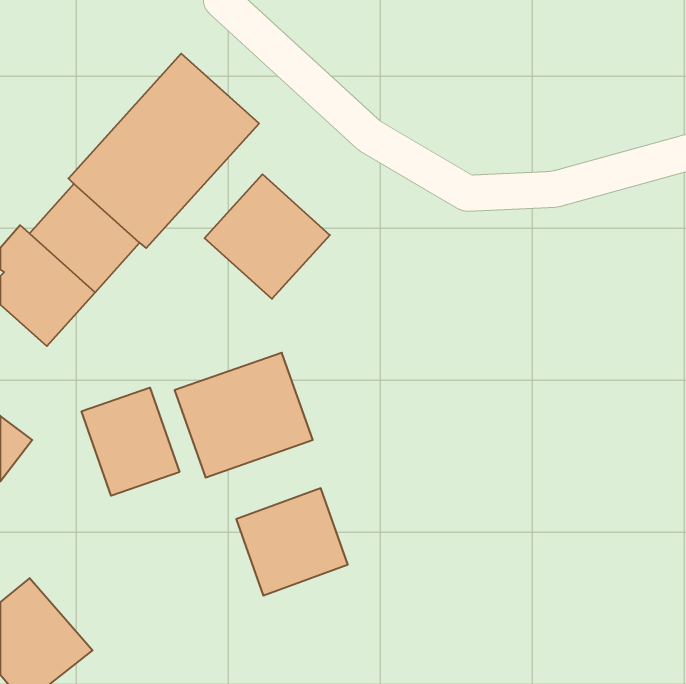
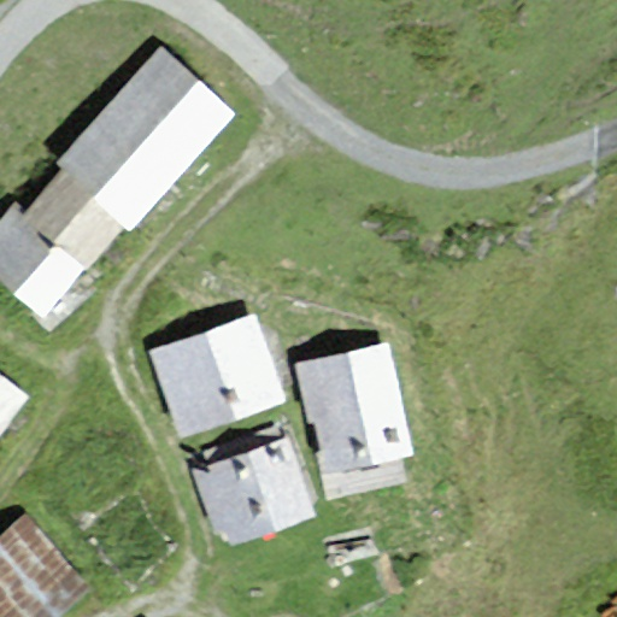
building: [205,174,330,299] -> none
building: none -> [308,346,409,466]
building: [82,388,179,496] -> none

